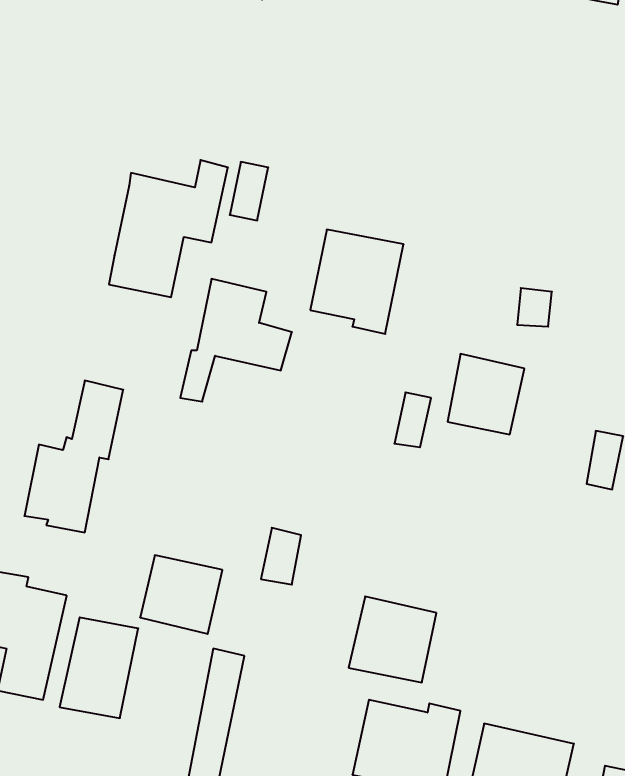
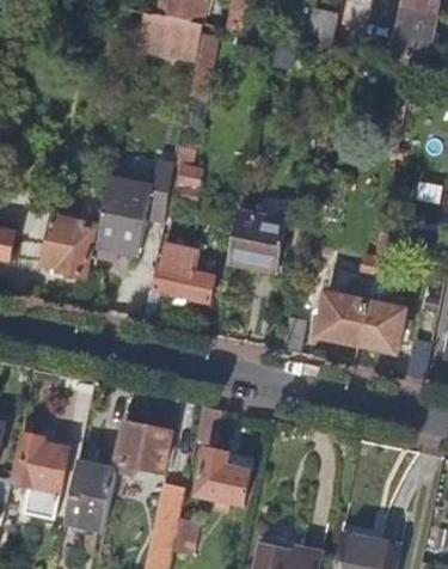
building: none -> [357,300,406,351]
building: [24,381,123,532] -> [44,175,109,274]
building: [349,596,436,682] -> [195,448,252,504]

